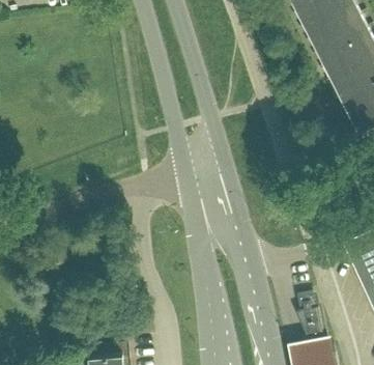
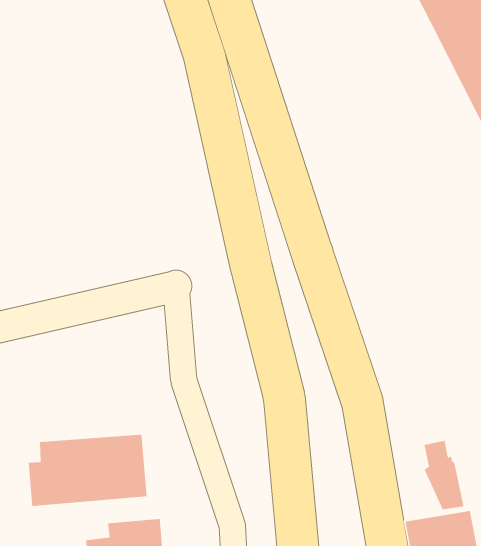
building: none -> [28,434,147,507]

